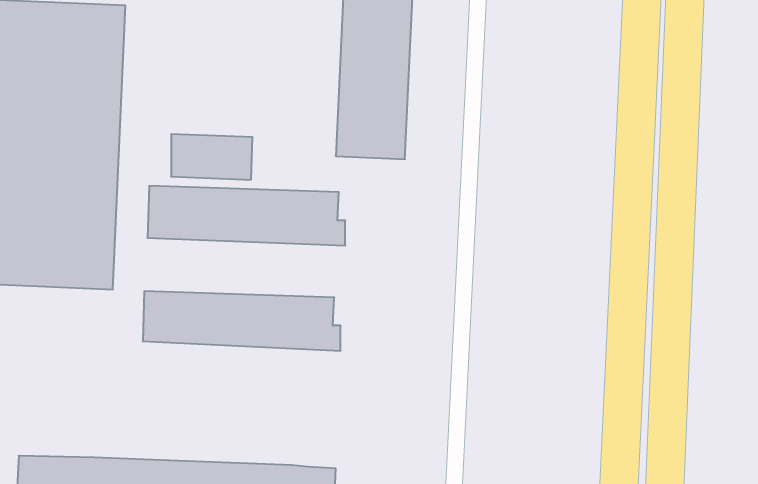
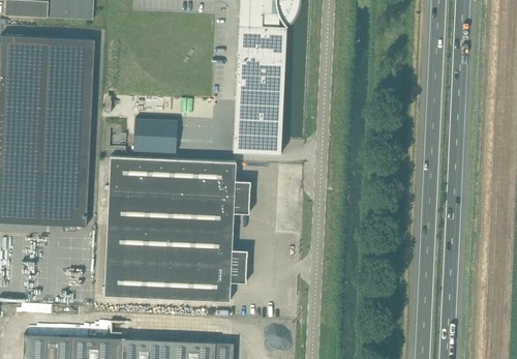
building: none -> [108,192,240,232]
building: none -> [105,261,247,301]

